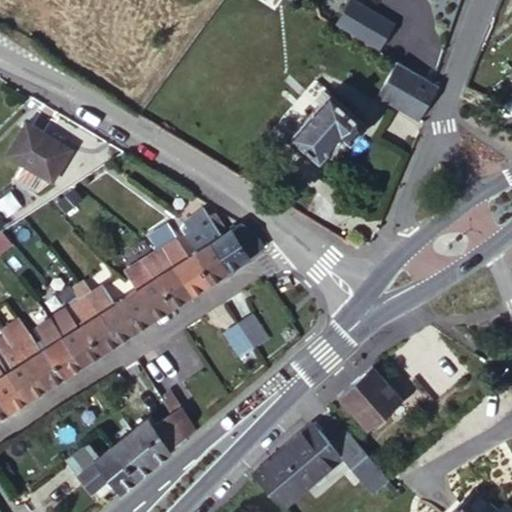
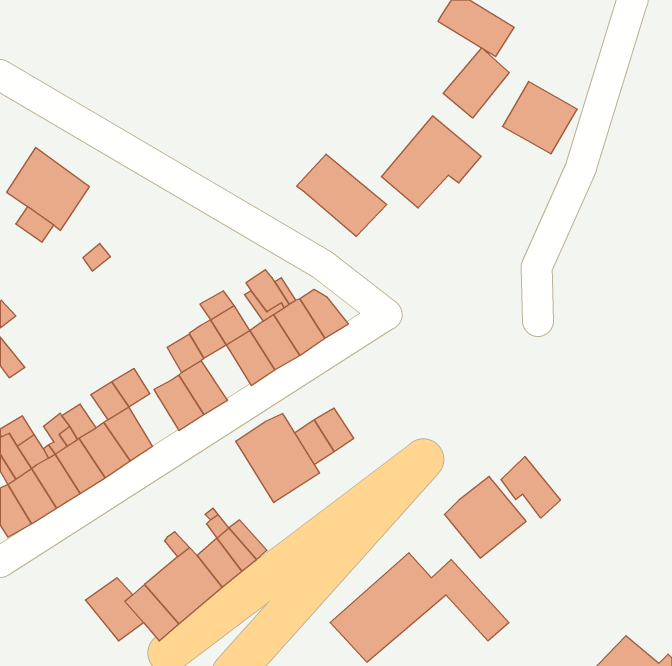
building: none -> [443,48,509,118]
building: none -> [297,154,387,237]
building: [153,267,191,309] -> none
building: [98,301,136,344] -> none
building: none -> [236,414,320,503]
building: none -> [501,457,561,518]

